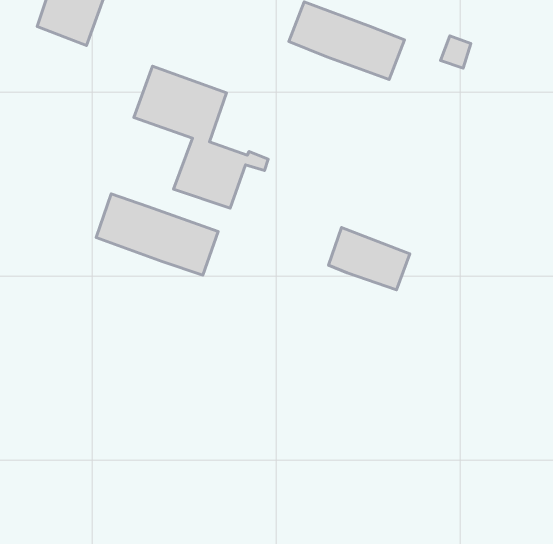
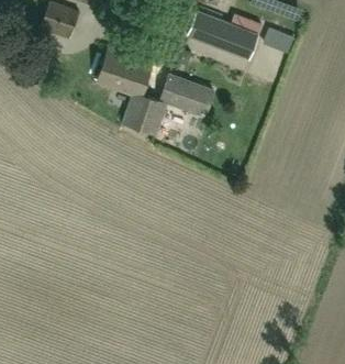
building: [96,194,218,275] -> none
building: [328,227,410,290] -> [165,78,212,114]

